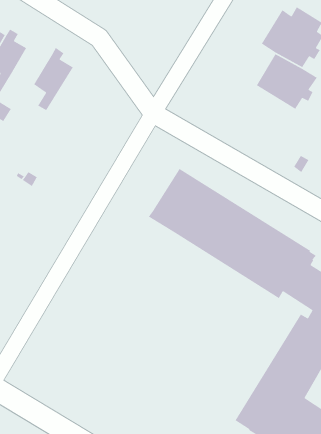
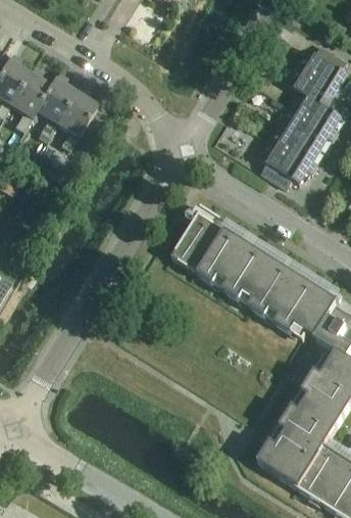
building: none -> [36,73,74,138]
building: none -> [258,125,319,188]

